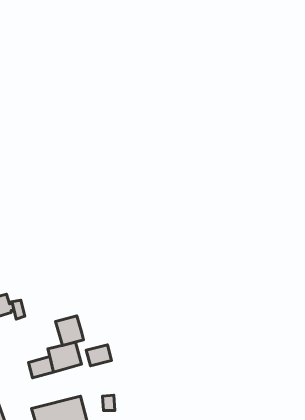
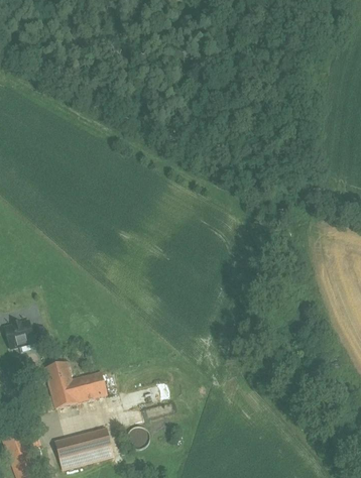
building: [56,316,83,345] -> [44,361,74,392]
building: [86,345,112,366] -> none

